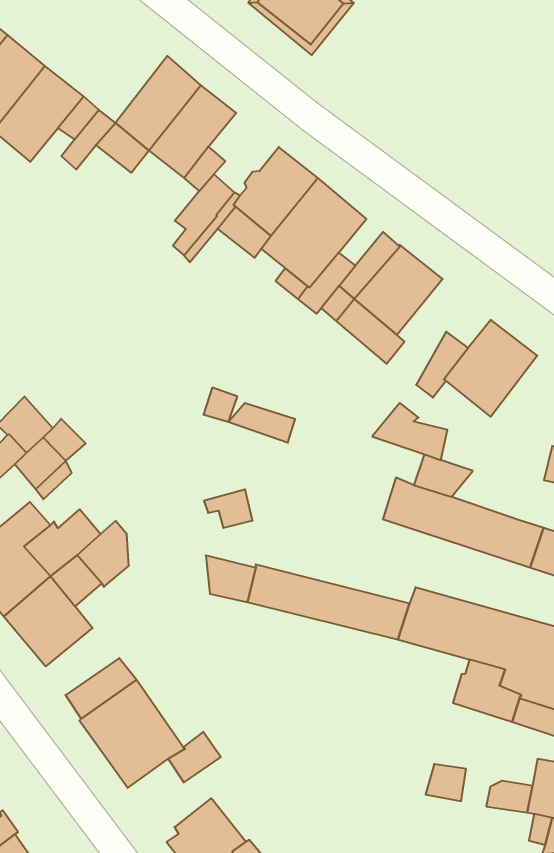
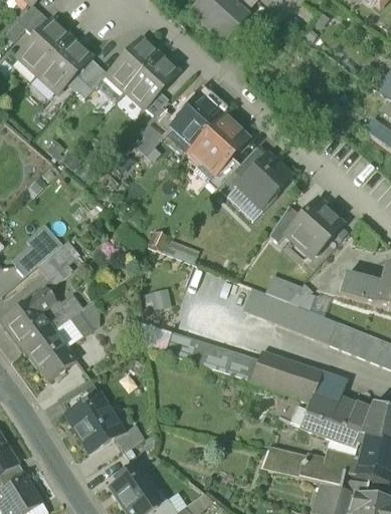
building: [372,403,447,460] -> [286,282,330,316]

